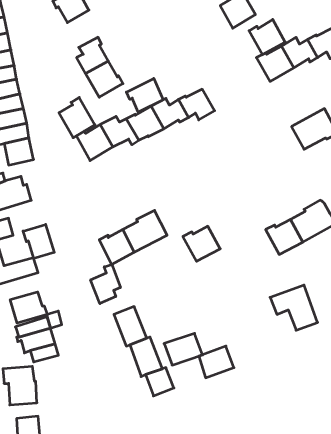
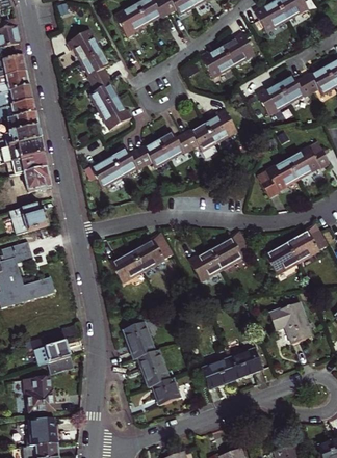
building: none -> [81,49,110,83]
building: [249,19,285,55] -> [200,45,233,77]
building: none -> [205,108,237,141]
building: [126,78,163,112] -> none
building: [59,97,95,138] -> none
building: none -> [256,156,299,195]
building: none -> [210,231,252,268]
building: [23,224,54,258] -> none
building: [91,265,120,304] -> none
building: [10,292,47,323] -> none
building: [164,333,203,365] -> [227,348,262,377]

